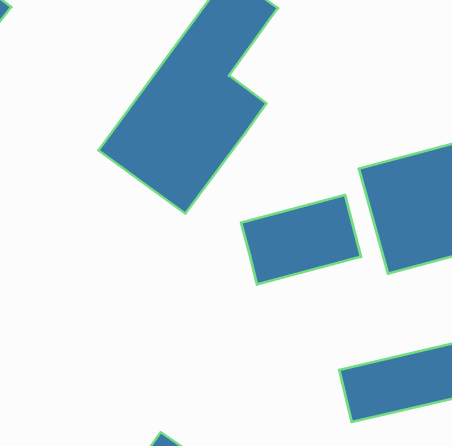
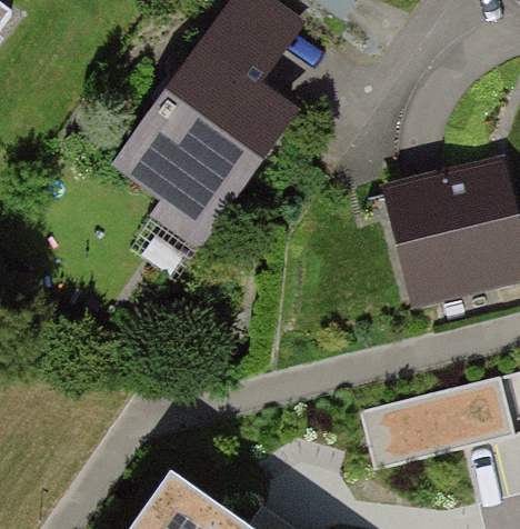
building: [241,195,361,285] -> none

